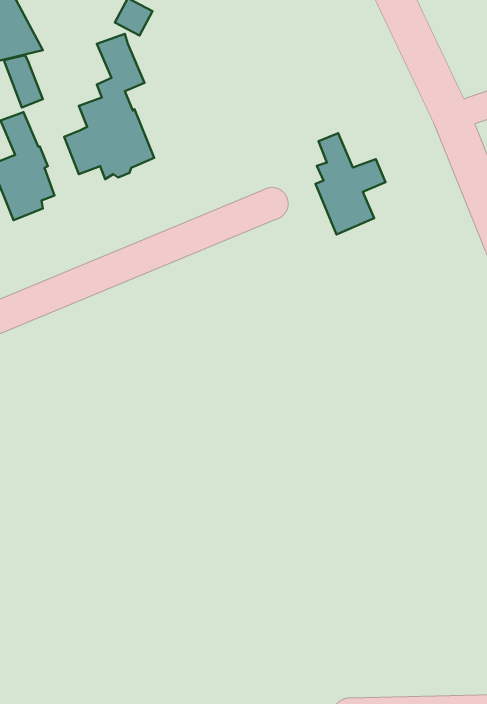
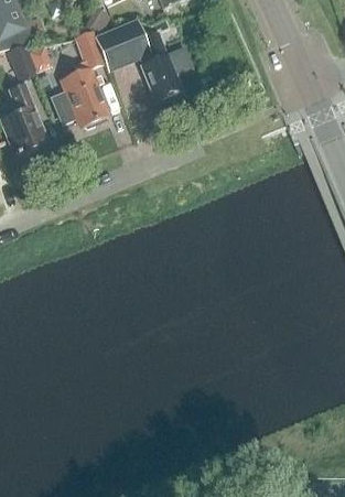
building: none -> [94,18,142,65]
building: [315,133,386,234] -> [141,30,188,98]

